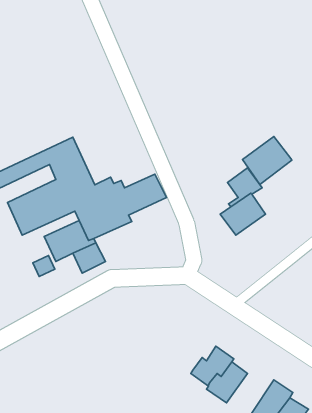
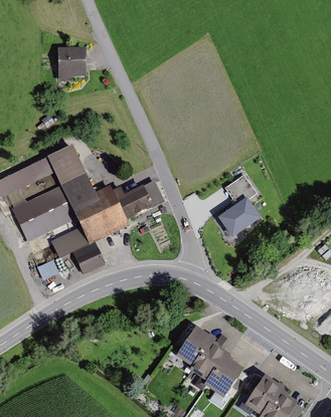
building: none -> [59,47,86,75]
building: [242,136,292,185] -> none
building: none -> [174,329,213,368]

